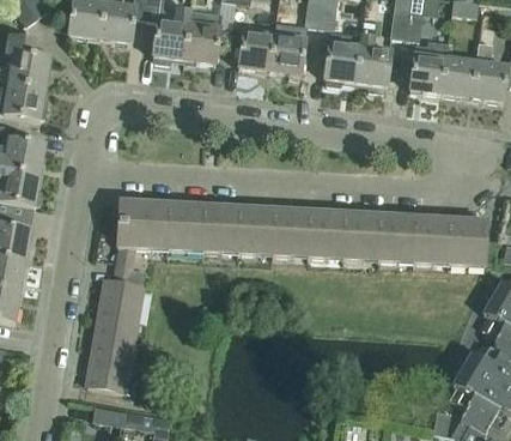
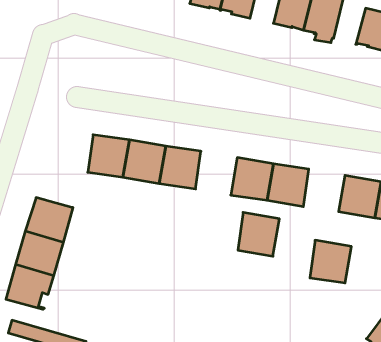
building: [114,201,156,285] -> none
building: [264,215,303,255] -> [238,212,279,256]
building: [375,220,413,260] -> [310,240,351,283]

